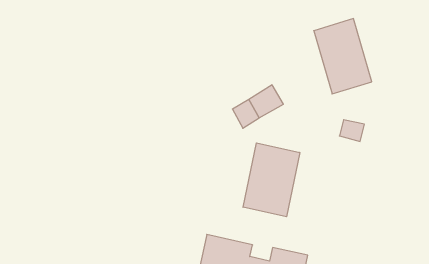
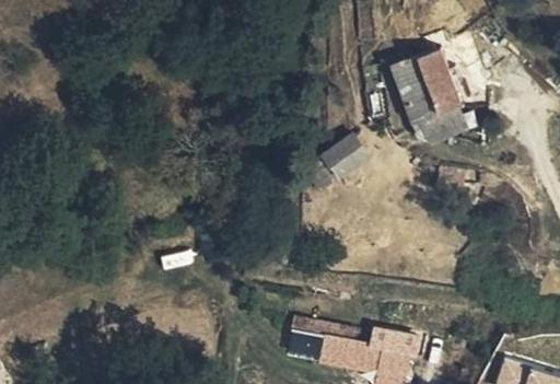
building: [243,143,300,217] -> none

